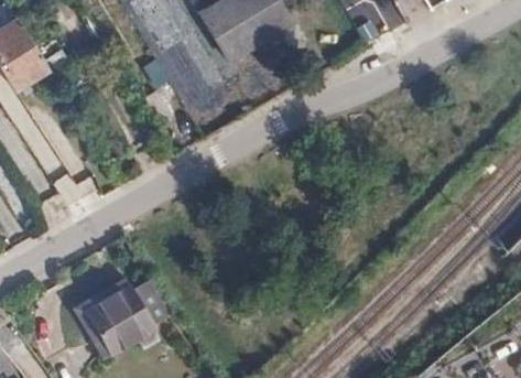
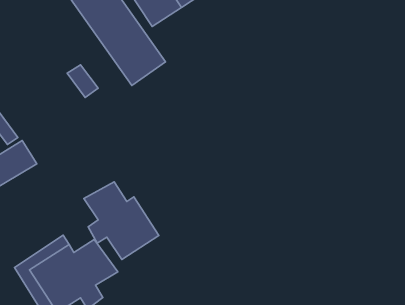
building: none -> [84,182,159,259]

